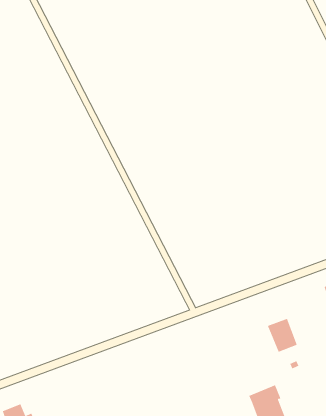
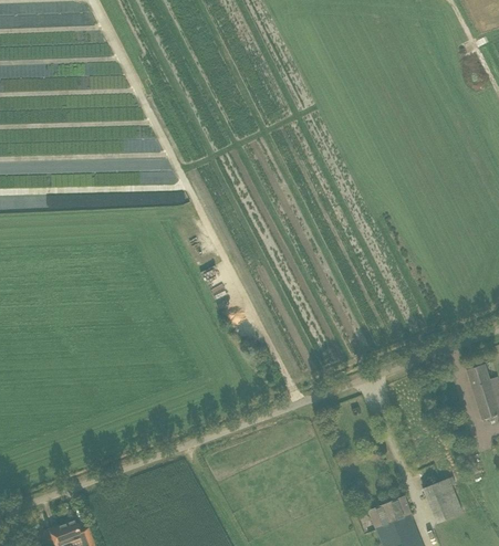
building: [267,318,298,353] -> [424,479,464,524]

